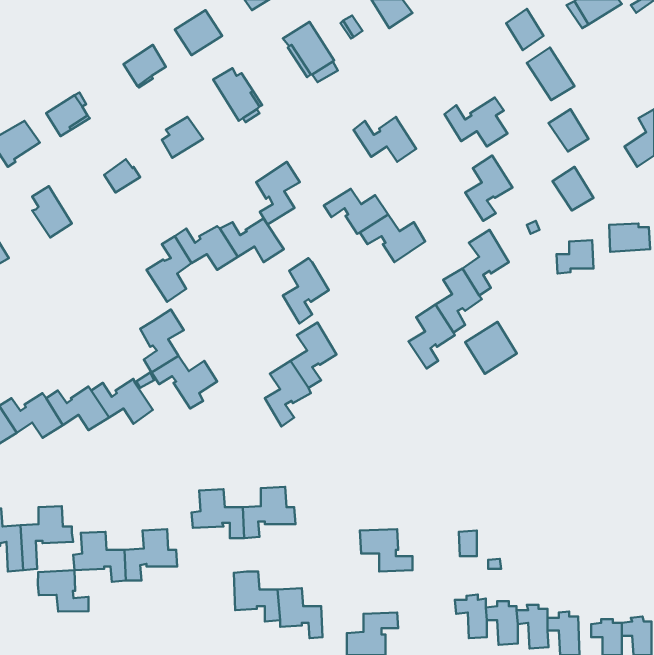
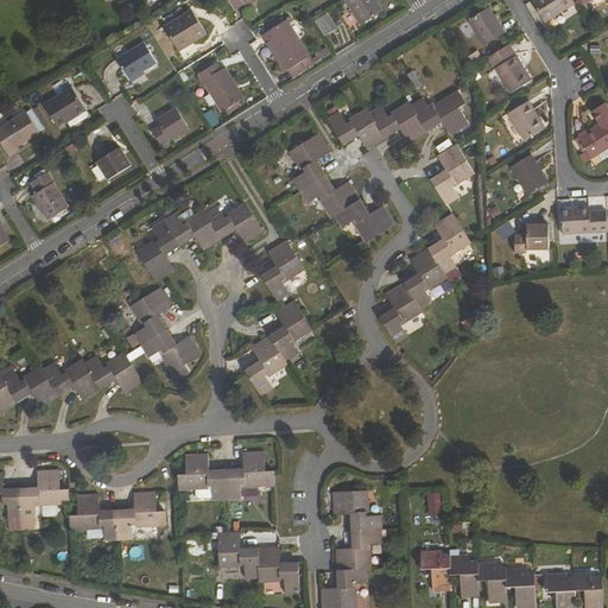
building: none -> [368,101,426,141]
building: [256,162,300,225] -> [289,132,329,190]
building: [465,322,517,374] -> none
building: [38,570,88,612] -> none
building: none -> [335,527,381,568]

